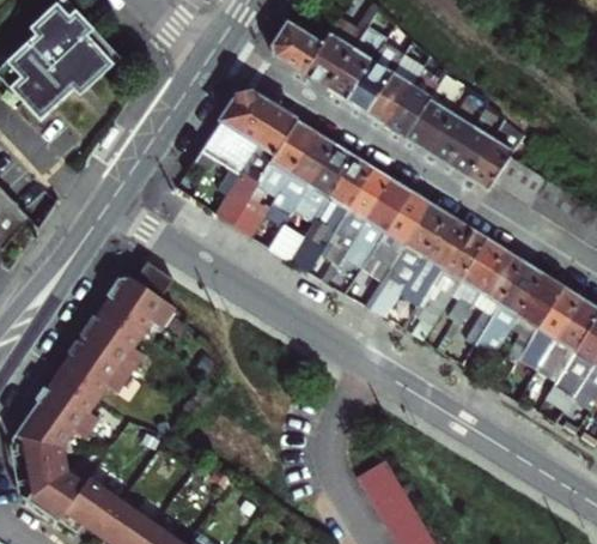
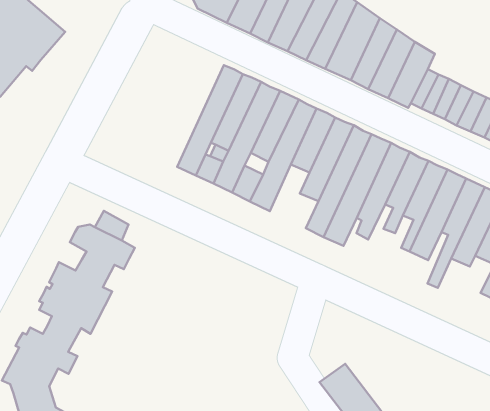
building: [195,91,294,224] -> none

